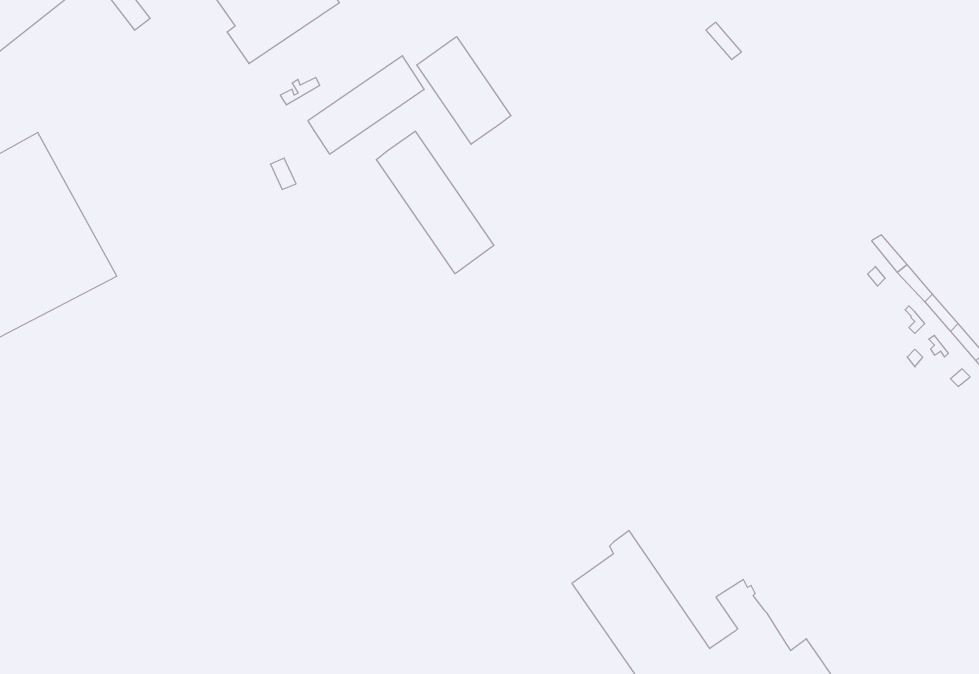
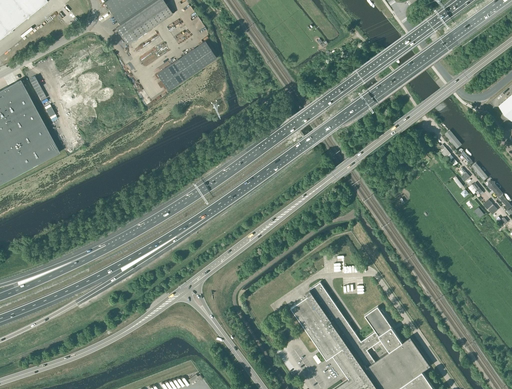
building: [417,37,511,144] -> none
building: [376,131,494,274] -> none

